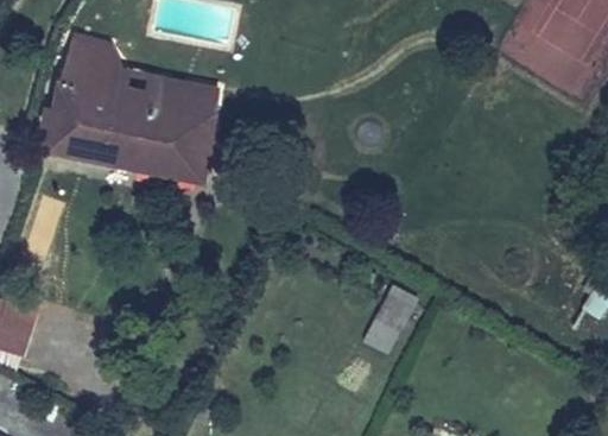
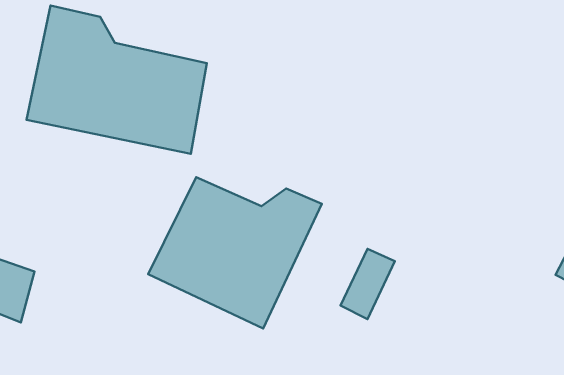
building: none -> [148,177,322,328]

